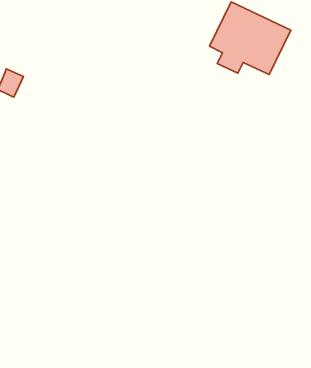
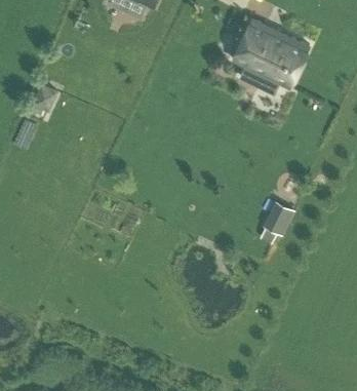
building: none -> [264,203,293,235]

